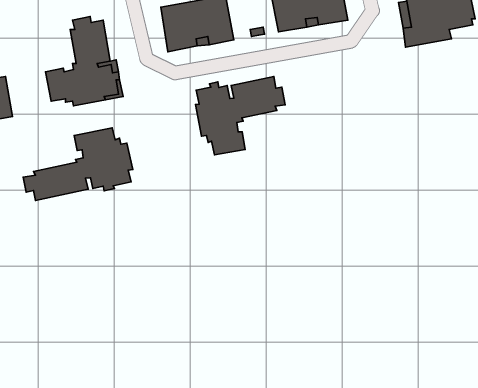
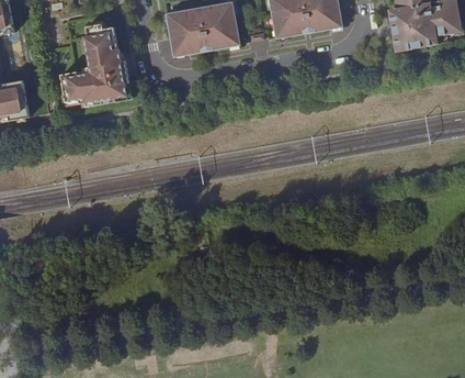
building: [195,77,285,155] -> none
building: [23,128,133,201] -> none

